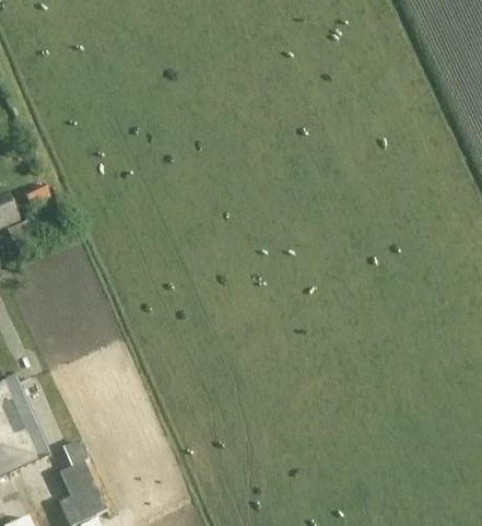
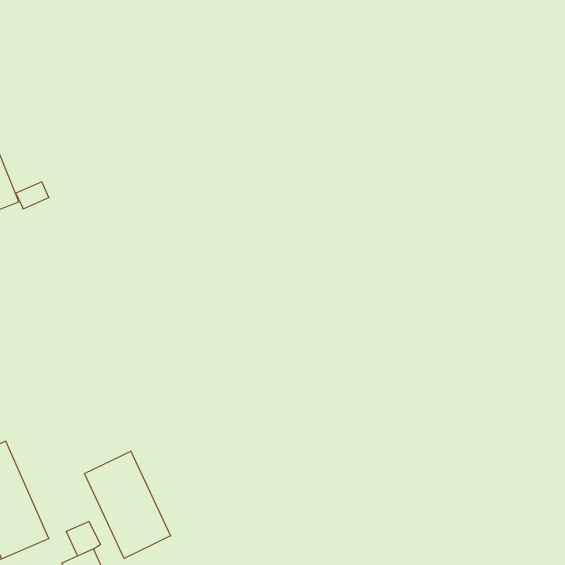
building: none -> [84,451,171,558]

